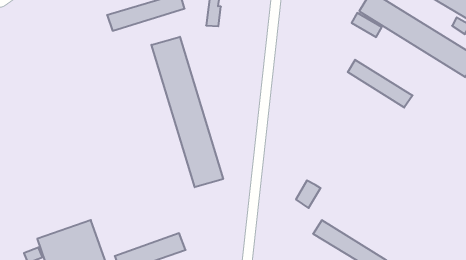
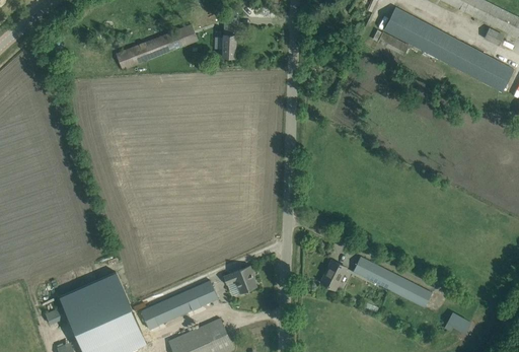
building: [151,37,223,187] -> none
building: [348,60,413,108] -> none
building: [296,180,321,208] -> [321,261,347,290]
building: none -> [224,266,256,292]

